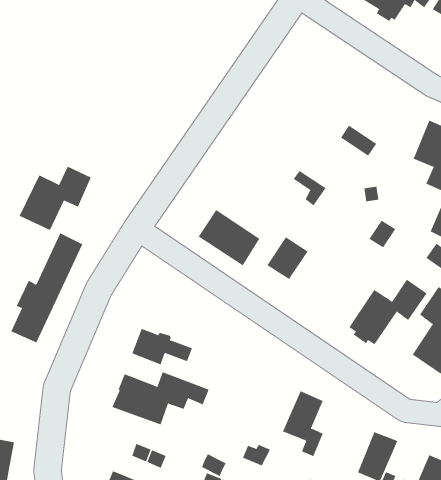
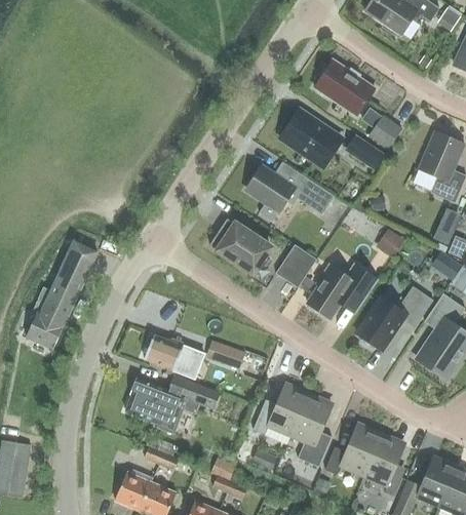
building: none -> [314,60,375,115]
building: none -> [280,110,342,166]
building: none -> [368,117,400,148]
building: none -> [246,166,295,210]
building: [19,166,92,231] -> none
building: none -> [307,264,377,318]
building: none -> [206,339,245,367]
building: none -> [254,384,309,434]
building: none -> [325,425,381,474]

